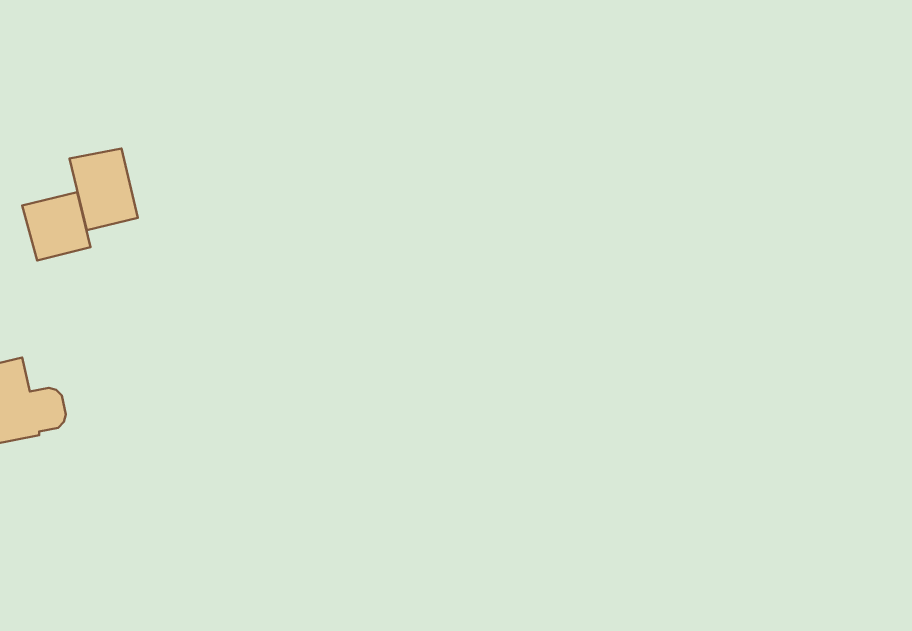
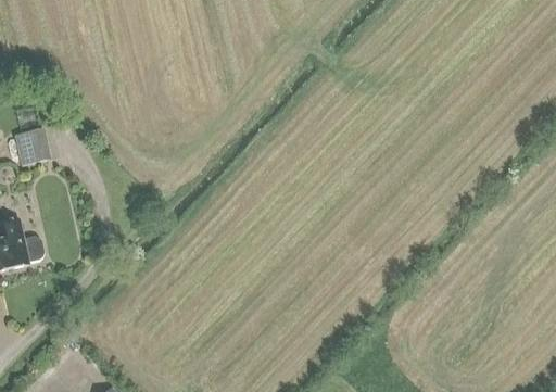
building: [70,149,138,230] -> none

